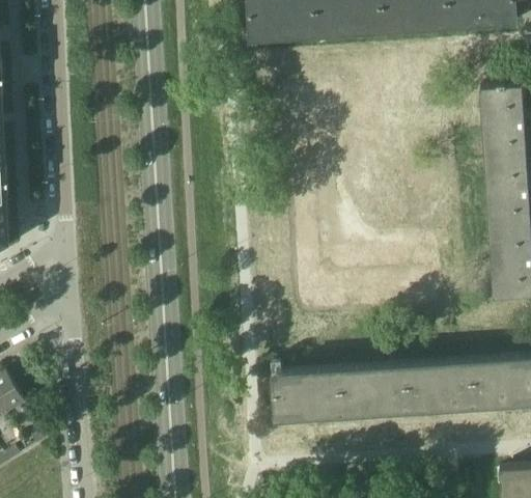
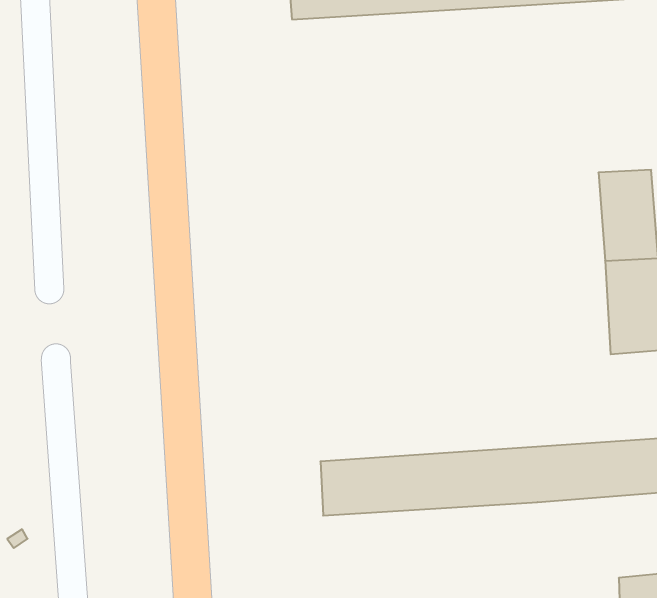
building: [480,82,525,158] -> none

